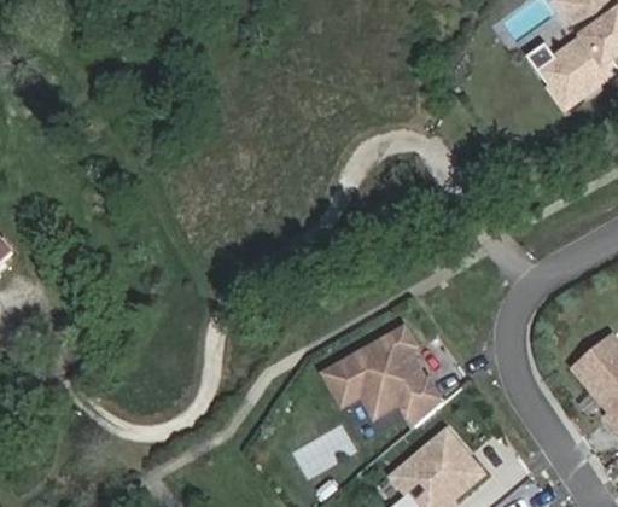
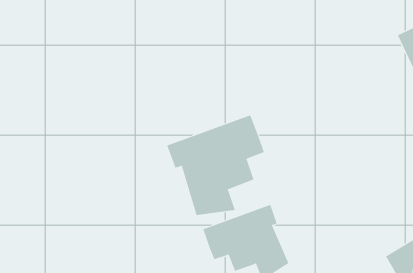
building: none -> [166,114,264,216]

